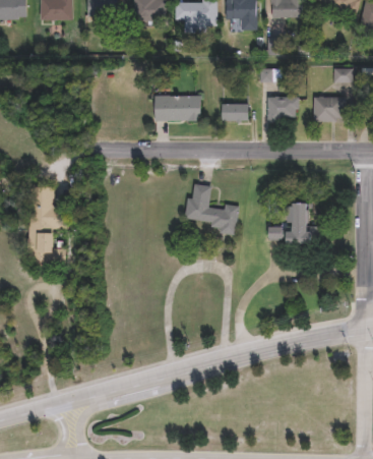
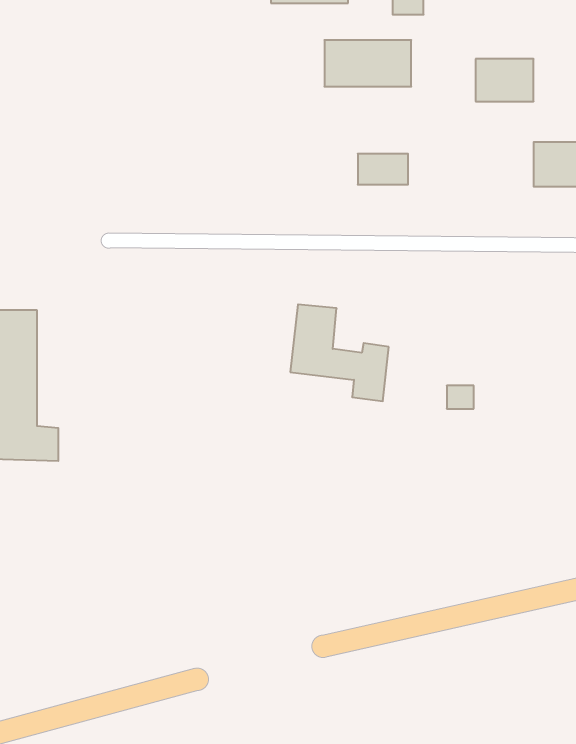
building: [154,96,200,120] -> [324,40,411,87]
building: [267,98,298,120] -> [476,59,534,101]
building: [287,203,309,243] -> none

